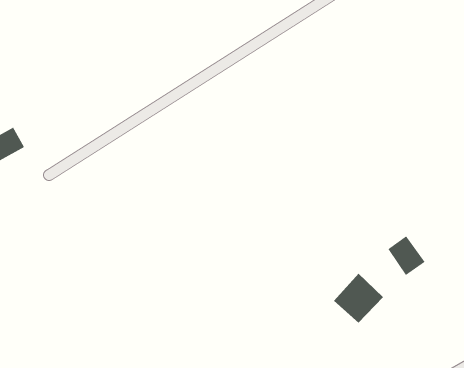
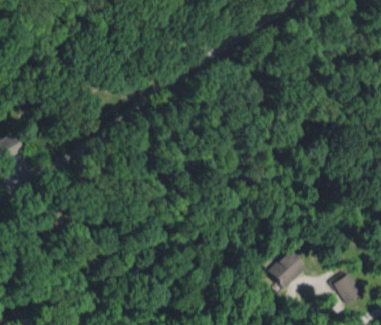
building: [388,235,426,276] -> [336,273,366,305]

